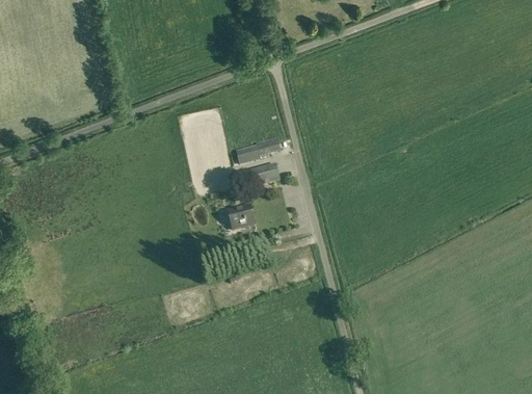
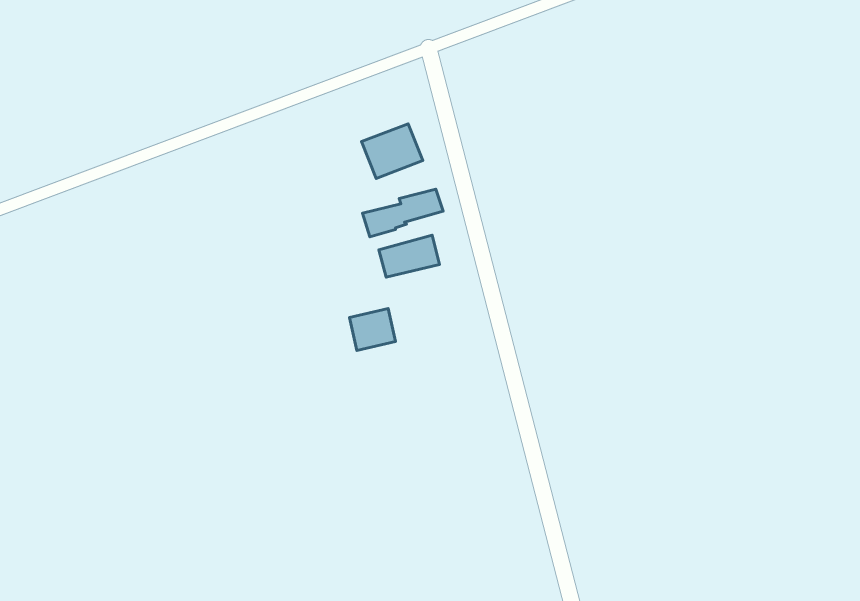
building: none -> [361,124,423,178]

